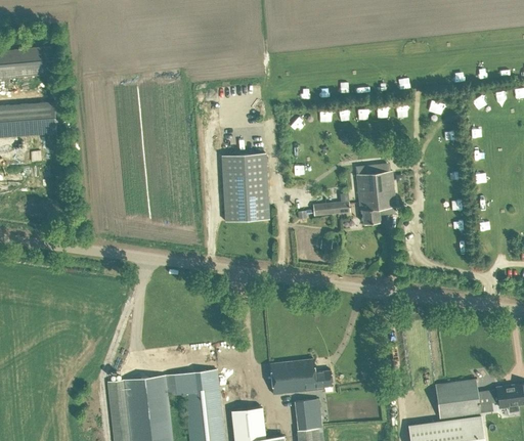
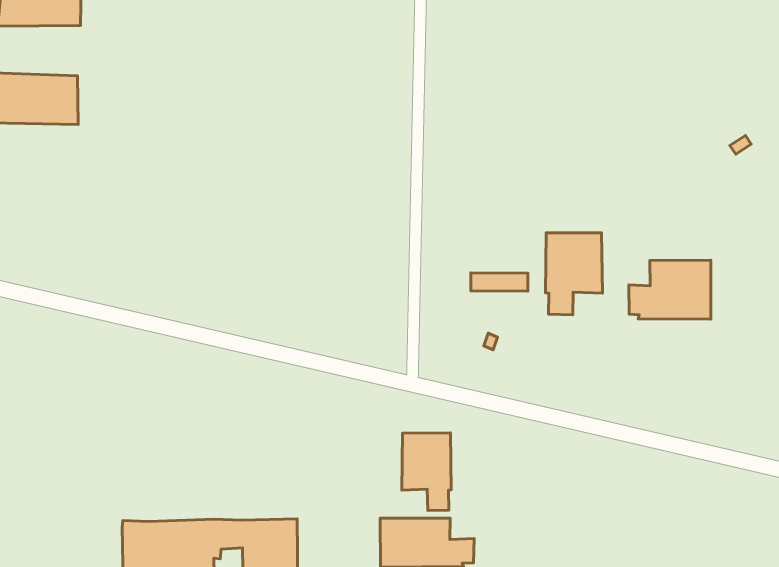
building: [221,155,269,223] -> none
building: none -> [629,260,711,319]
building: none -> [402,433,451,511]

